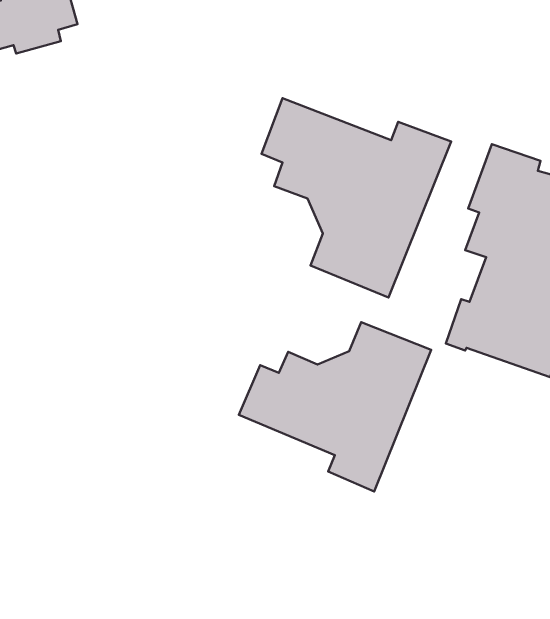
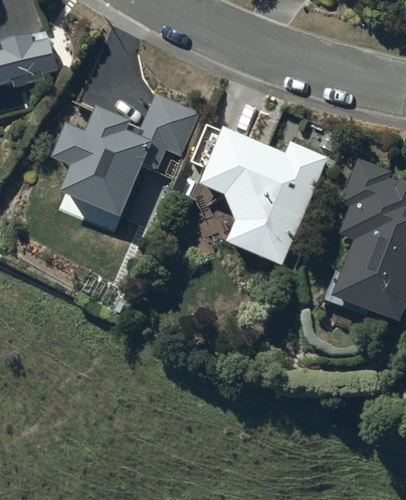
building: none -> [52,90,199,219]
building: [239,322,431,492] -> none

